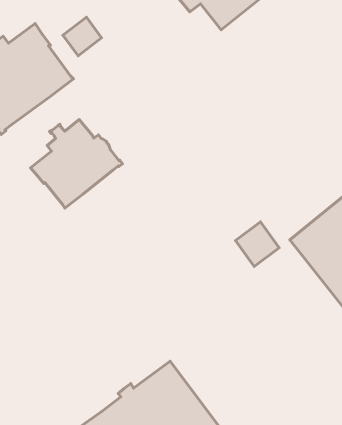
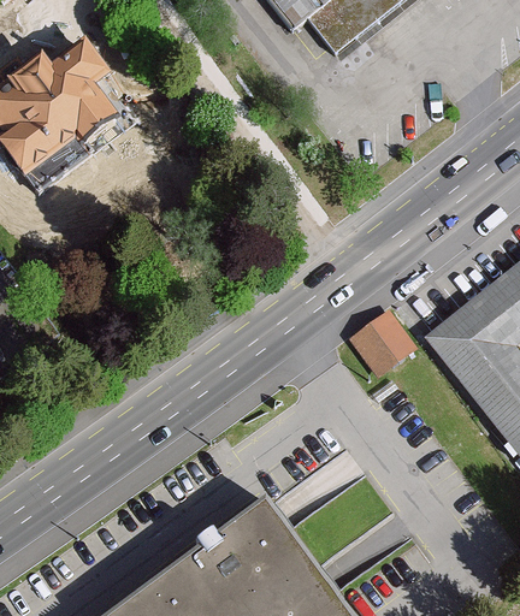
building: [63,17,102,56] -> none
building: [31,120,123,208] -> none

